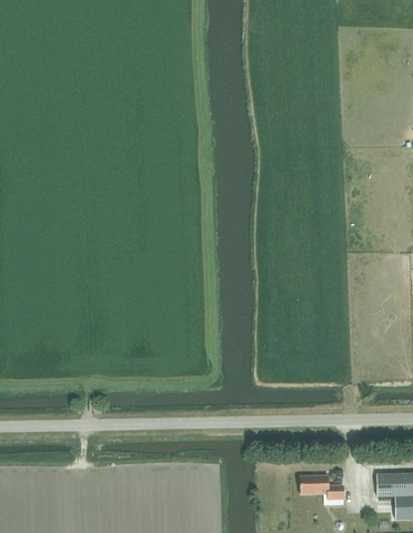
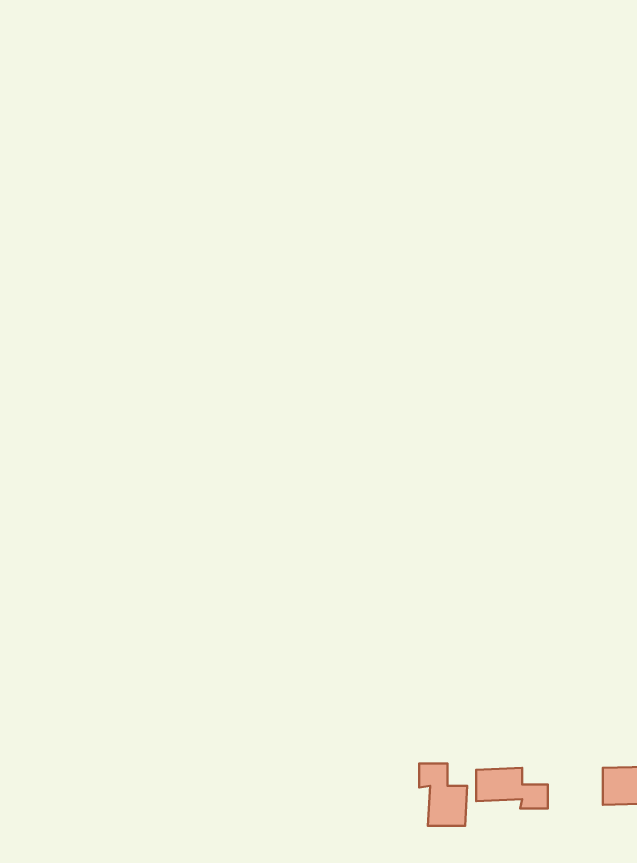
building: none -> [419,763,467,826]

